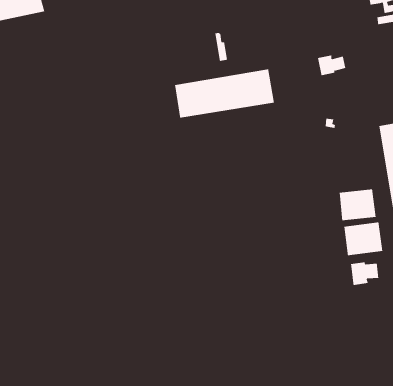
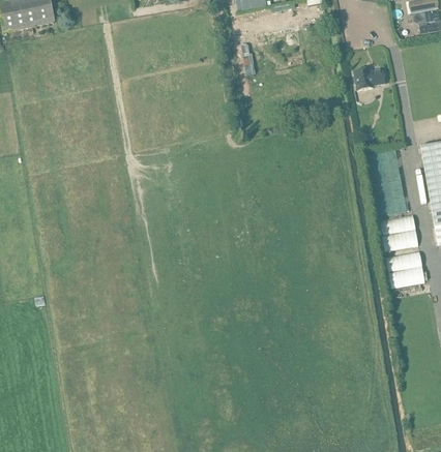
building: [174,68,274,118] -> none
building: [350,261,379,286] -> none

